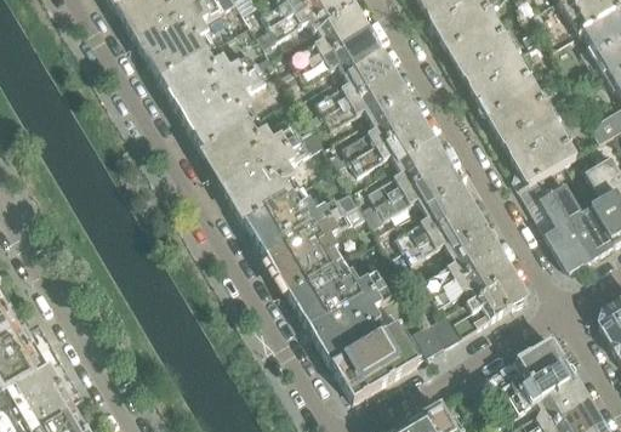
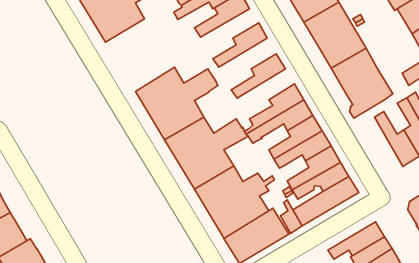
building: [298,30,383,84] -> none
building: [160,45,277,150] -> none
building: [325,73,409,129] -> none
building: [352,118,435,174] -> none
building: [522,176,593,271] -> none

